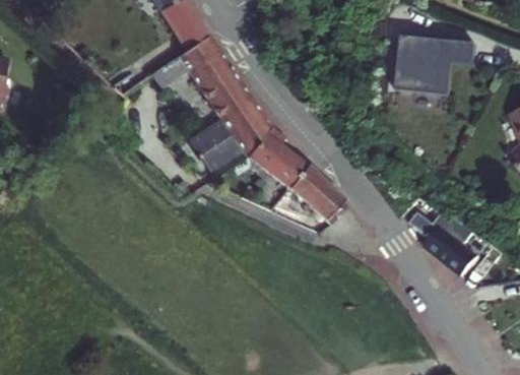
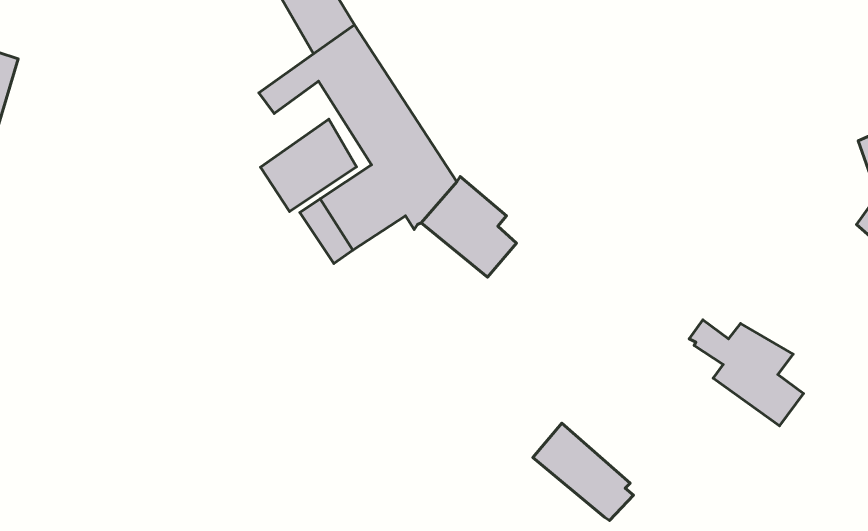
building: [397,34,476,91] -> none
building: none -> [261,119,357,212]
building: [290,166,350,224] -> [533,423,634,521]

